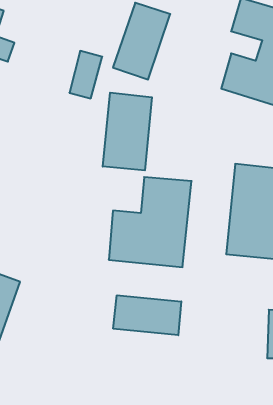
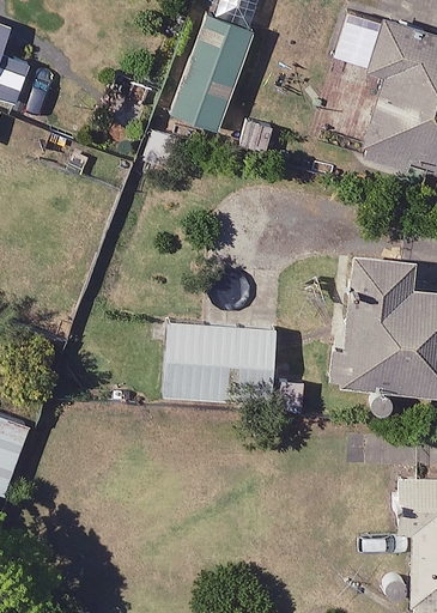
building: [103,93,152,170] -> none
building: [113,295,181,335] -> none

